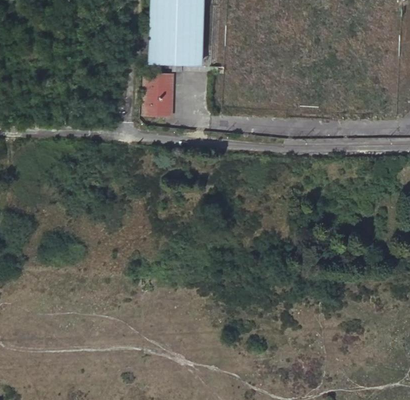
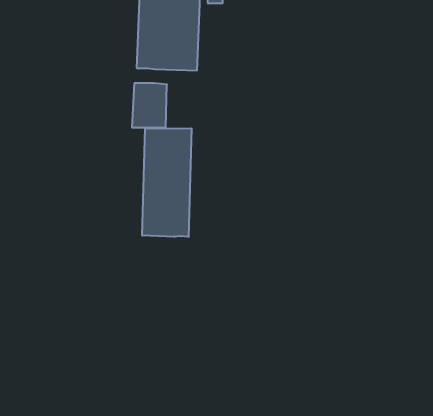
building: none -> [142,128,192,237]

